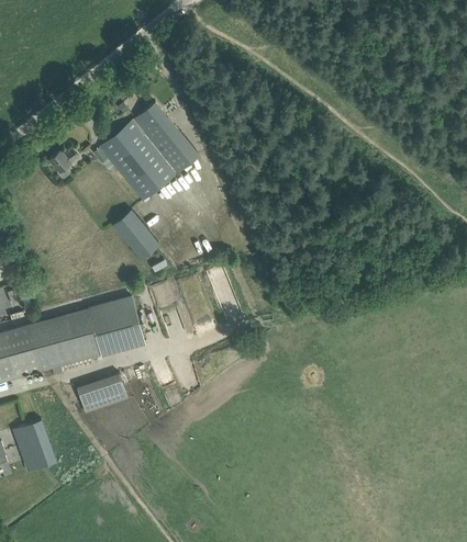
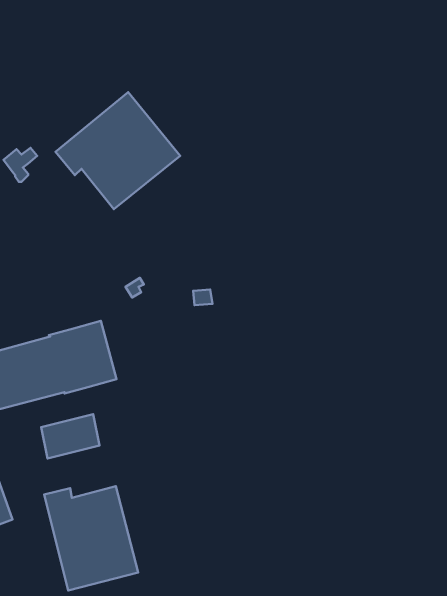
building: [112,211,159,261] -> none
building: none -> [44,486,138,590]

